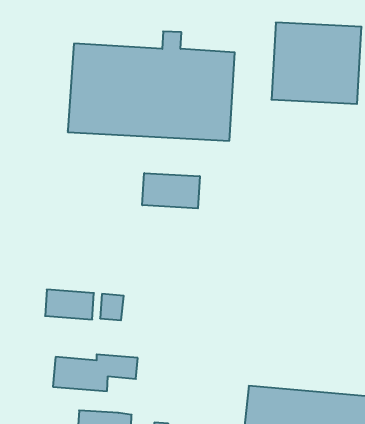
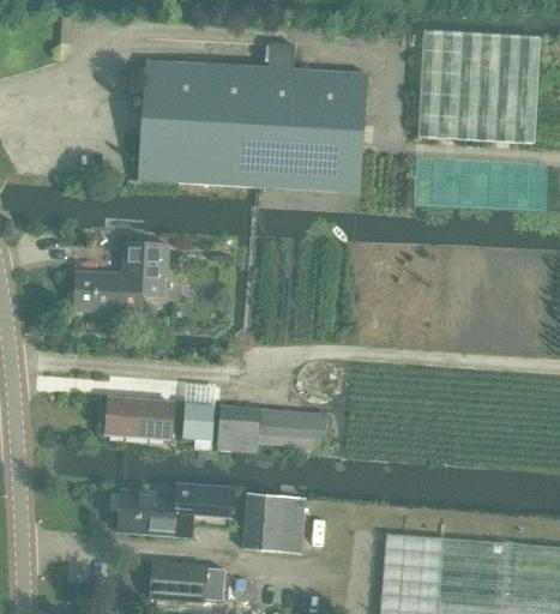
building: [142,173,200,208] -> none
building: none -> [74,240,170,313]
building: none -> [218,404,326,449]
building: none -> [242,492,305,550]

